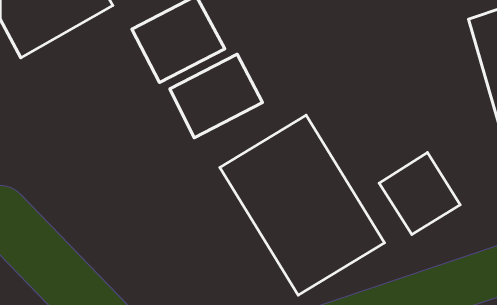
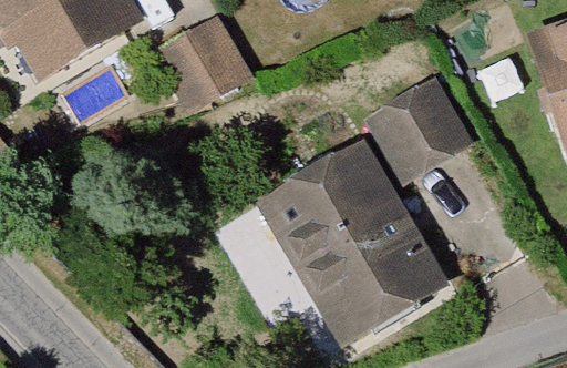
building: [170,54,262,138] -> none
building: [379,152,460,235] -> [370,88,461,180]

